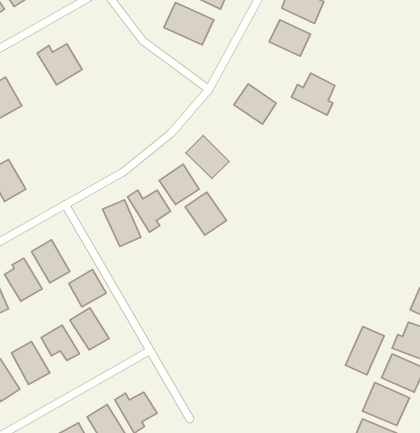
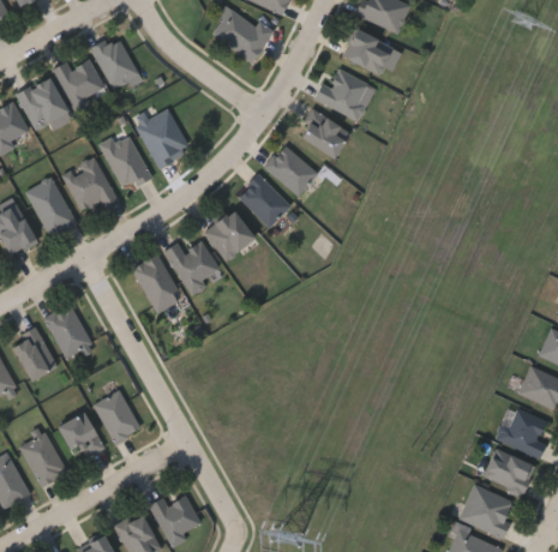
building: none -> [92,36,140,94]
building: none -> [16,77,68,131]
building: [292,73,335,115] -> [314,68,368,121]
building: none -> [134,109,191,168]
building: none -> [102,133,151,191]
building: none -> [265,144,318,197]
building: none -> [64,158,115,215]
building: none -> [25,178,76,238]
building: [185,192,226,235] -> none
building: [69,270,106,307] -> none
building: [346,326,384,375] -> none

